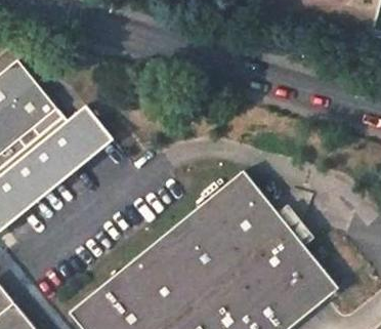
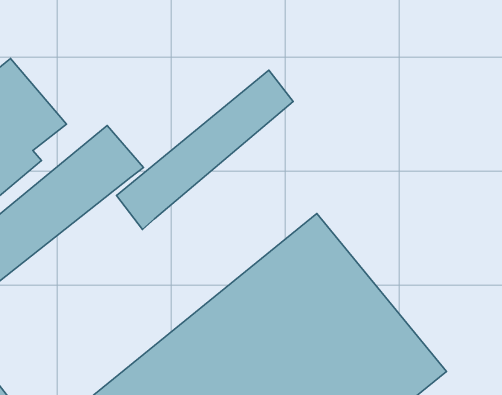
building: none -> [116,70,293,229]

